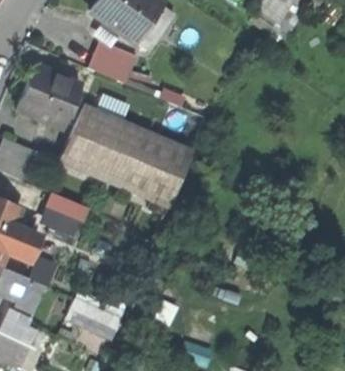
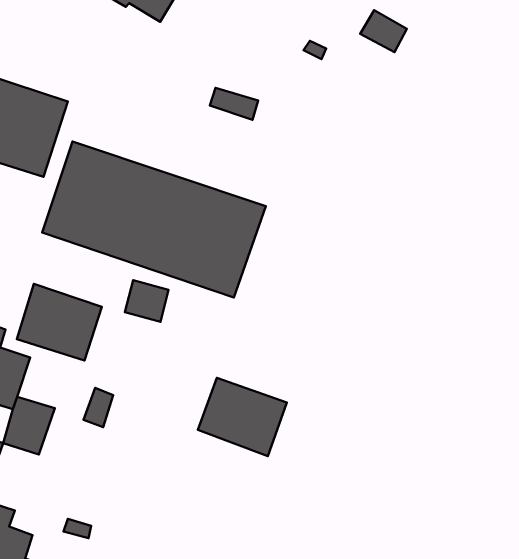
building: [86,40,135,84] -> none
building: [69,287,121,334] -> [198,378,287,456]

